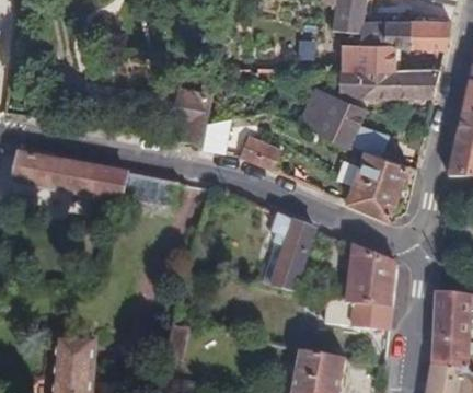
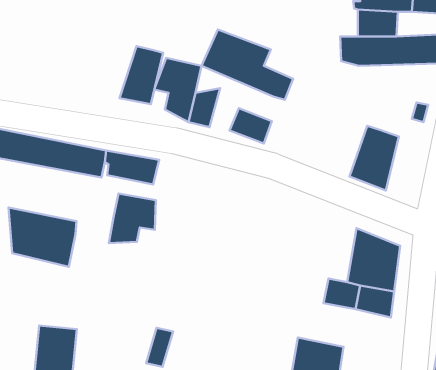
building: none -> [119,46,163,104]
building: [299,90,384,155] -> [201,29,293,100]
building: none -> [109,193,156,243]
building: [273,216,315,288] -> none
building: none -> [9,208,76,267]

